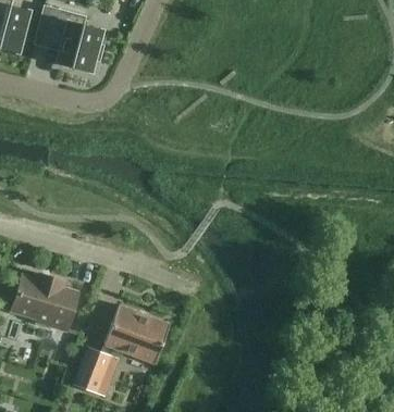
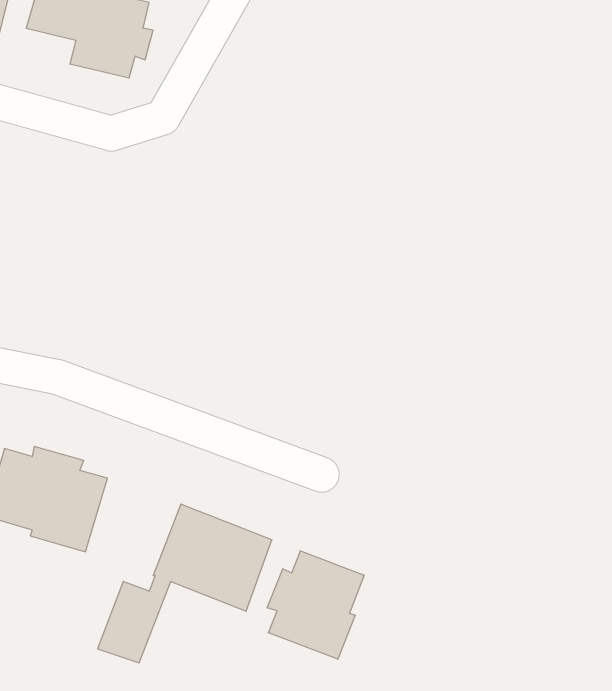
building: none -> [267,551,364,659]

